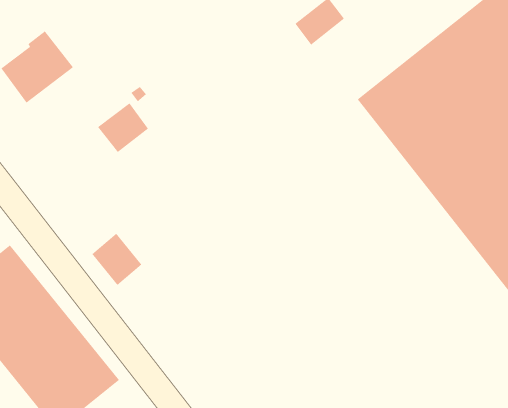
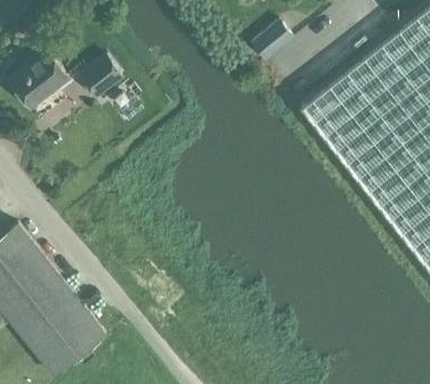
building: [97,103,149,153] -> [82,58,124,98]
building: [91,233,142,286] -> none

